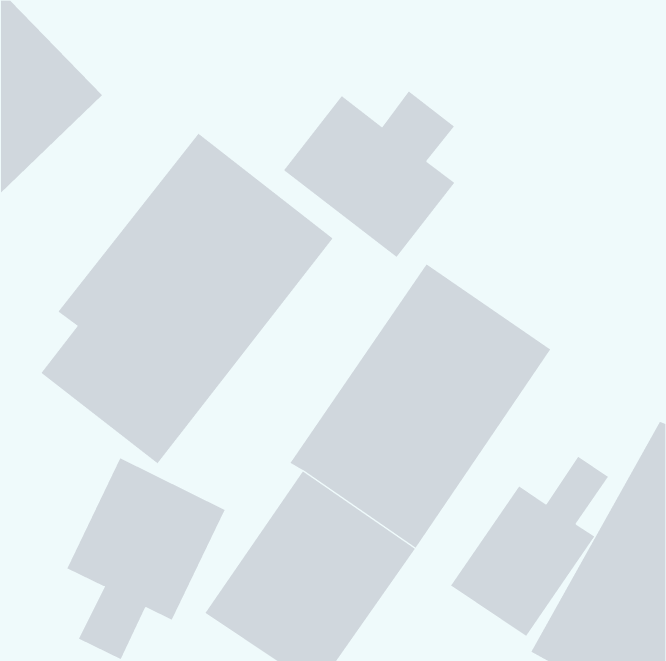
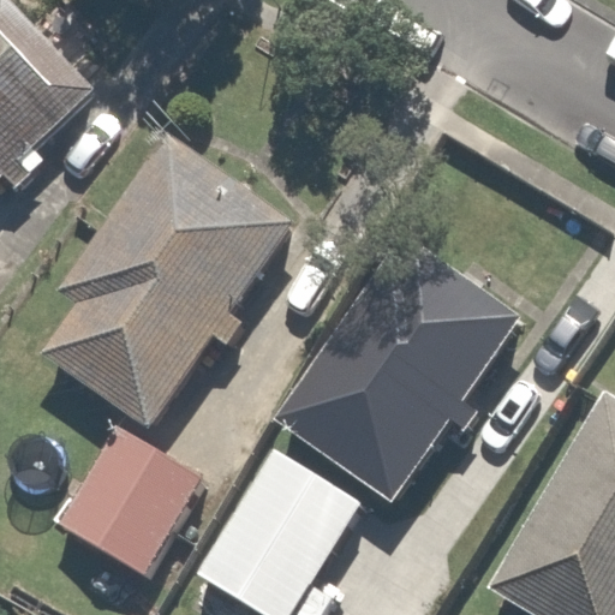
building: [283,90,455,258] -> none
building: [450,456,609,637] -> none

